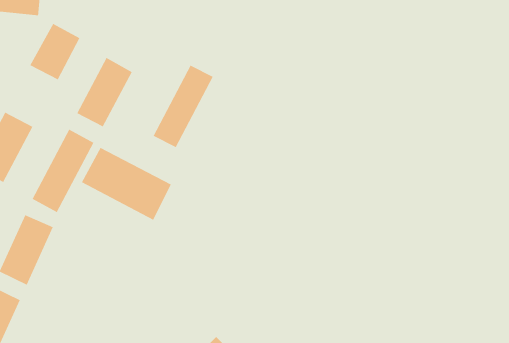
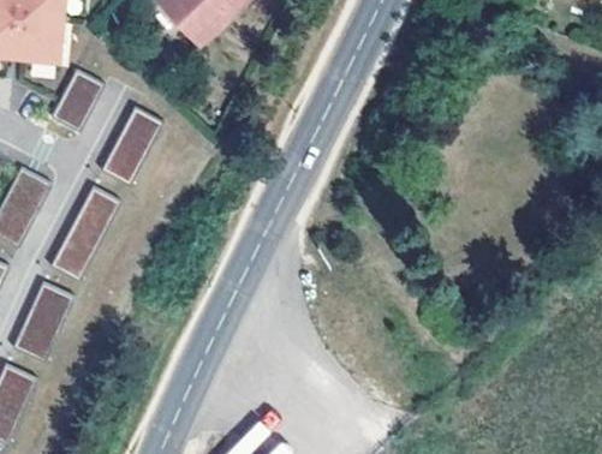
building: [153,65,214,148] -> none
building: [81,147,172,221] -> none

